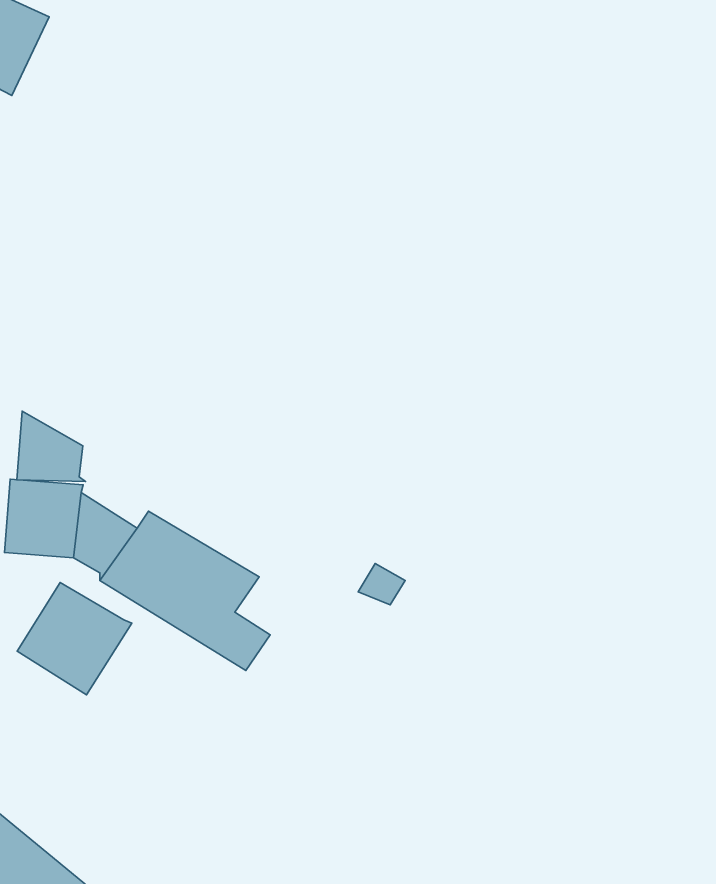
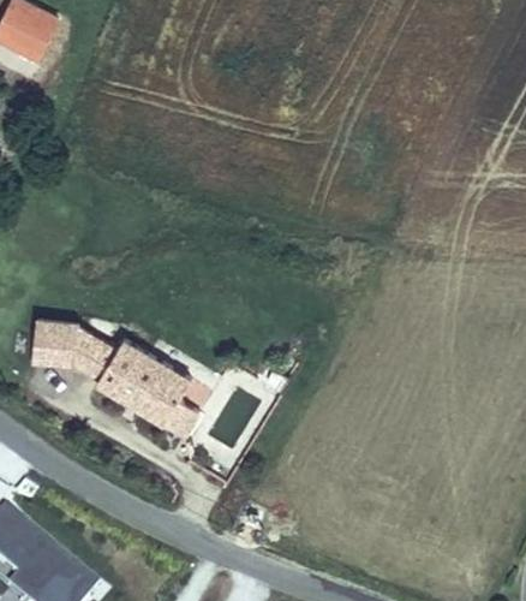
building: [17,411,85,481] -> none
building: [17,583,132,695] -> none

